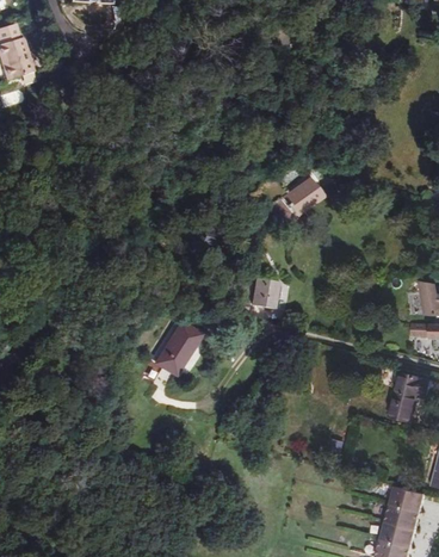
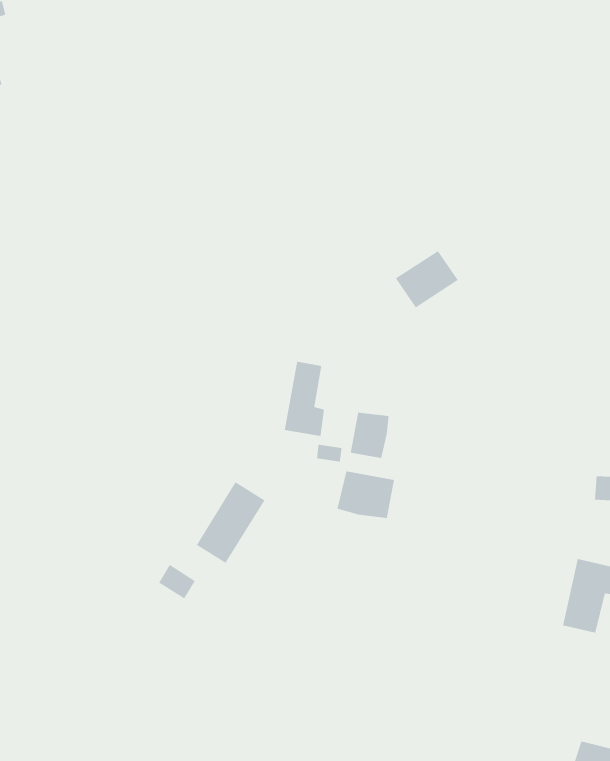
building: none -> [284,361,325,437]
building: none -> [336,471,395,519]

